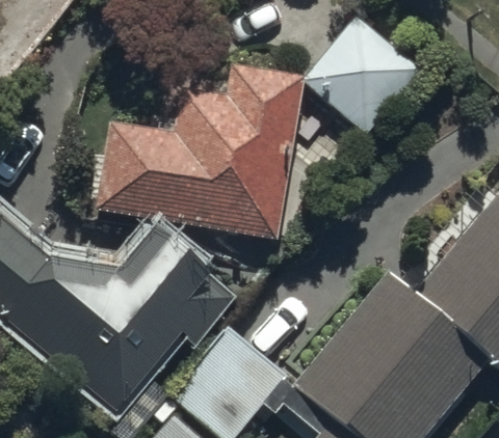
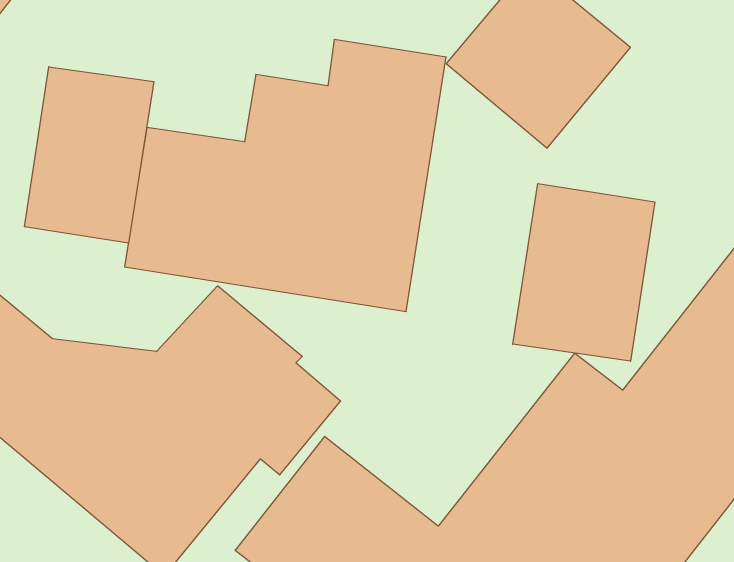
building: none -> [25,67,154,243]
building: none -> [513,184,655,361]

